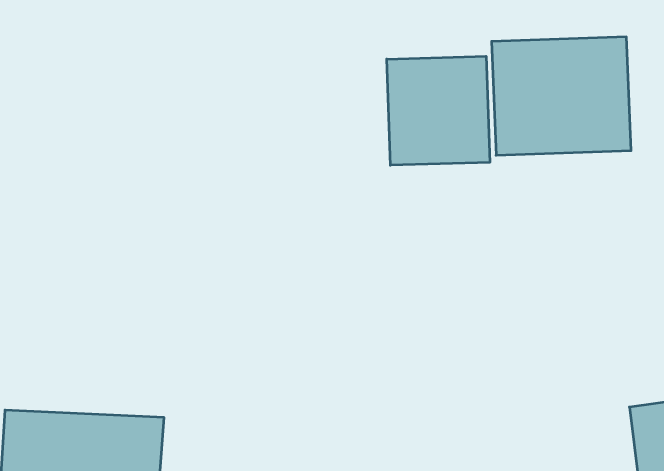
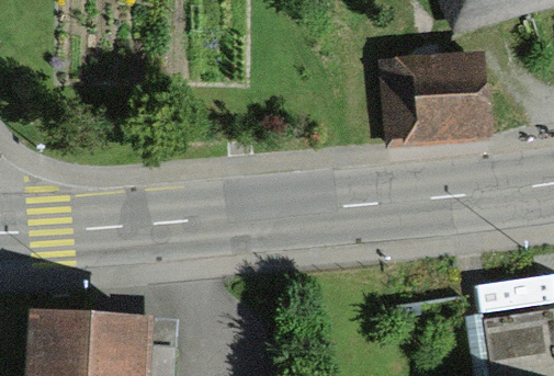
building: [387,56,490,165] -> none

